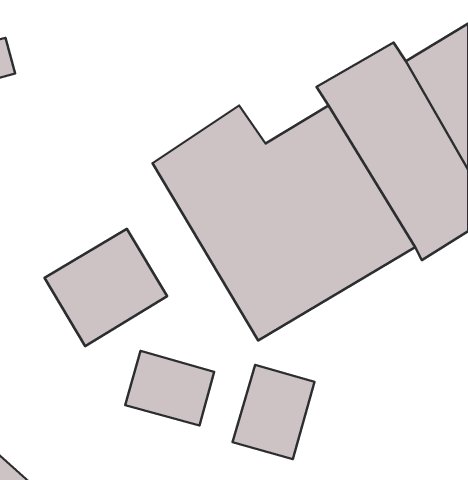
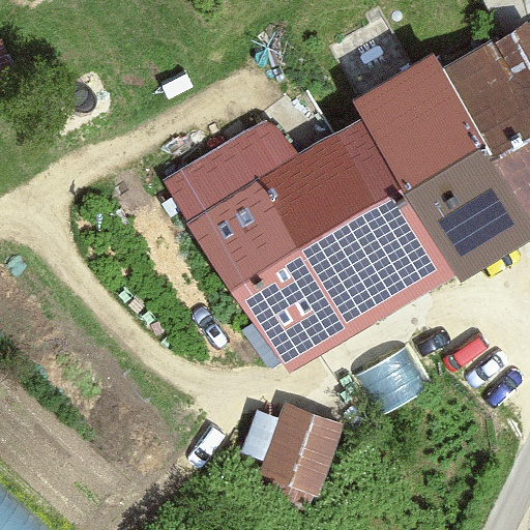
building: [44,229,167,346] -> none
building: [125,351,214,425] -> none

